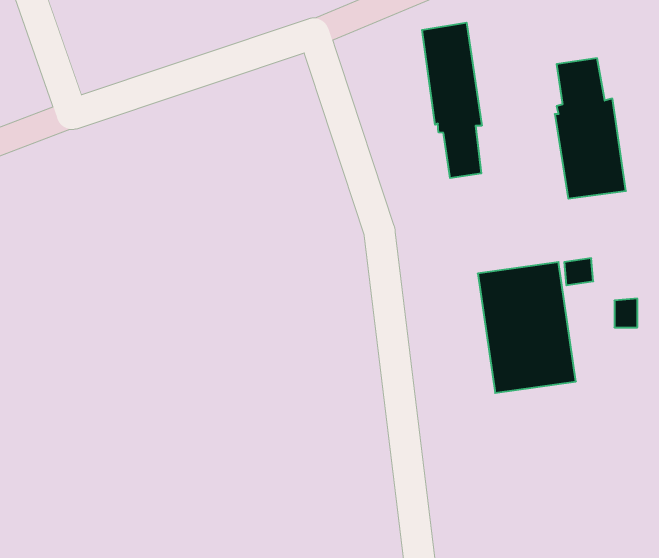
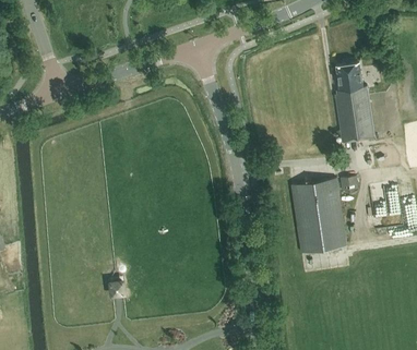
building: [422,23,482,178] -> none

